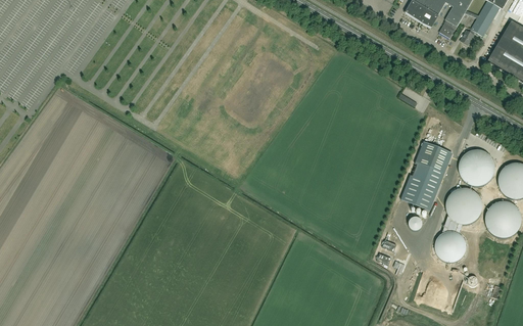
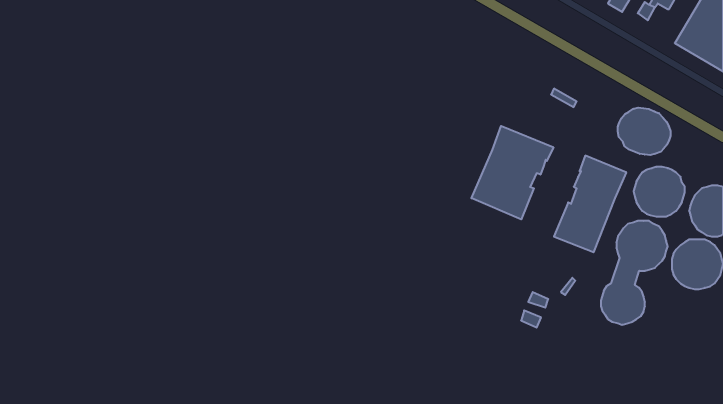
building: none -> [618,108,671,155]
building: none -> [471,126,553,219]

